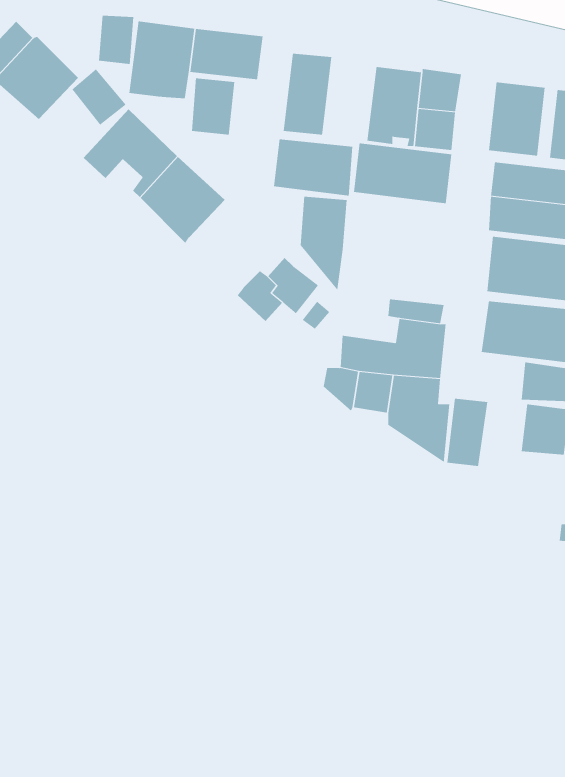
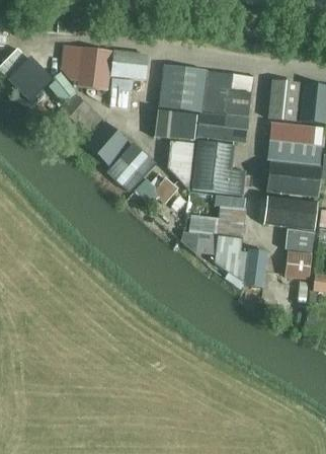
building: none -> [180,66,207,110]
building: none -> [190,141,246,196]
building: none -> [106,143,157,193]

